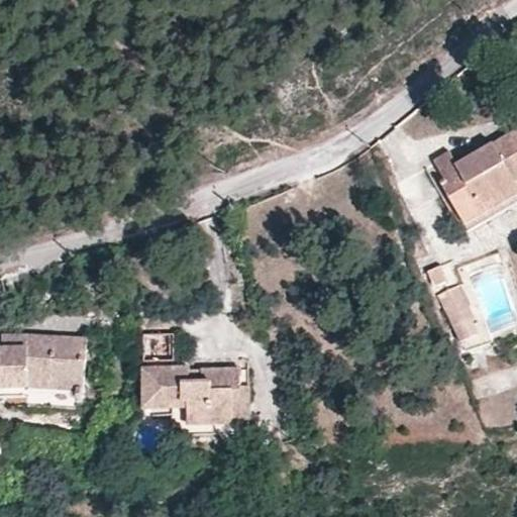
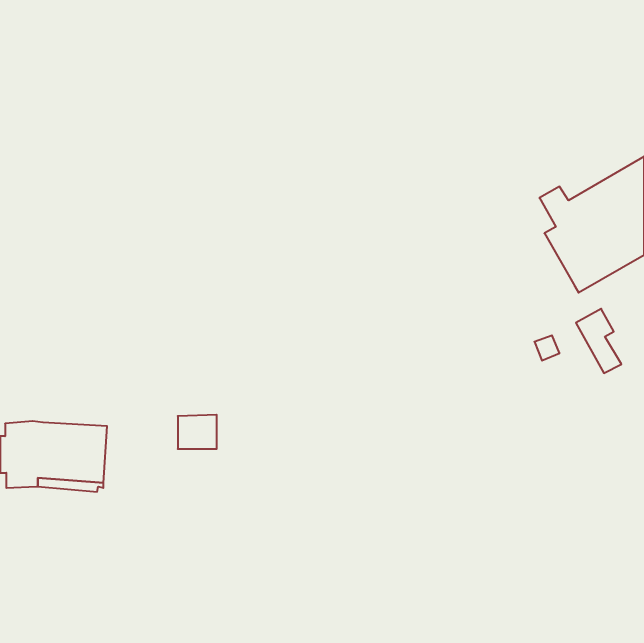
building: [440,288,477,339] -> [576,309,621,373]
building: [140,365,246,422] -> none

